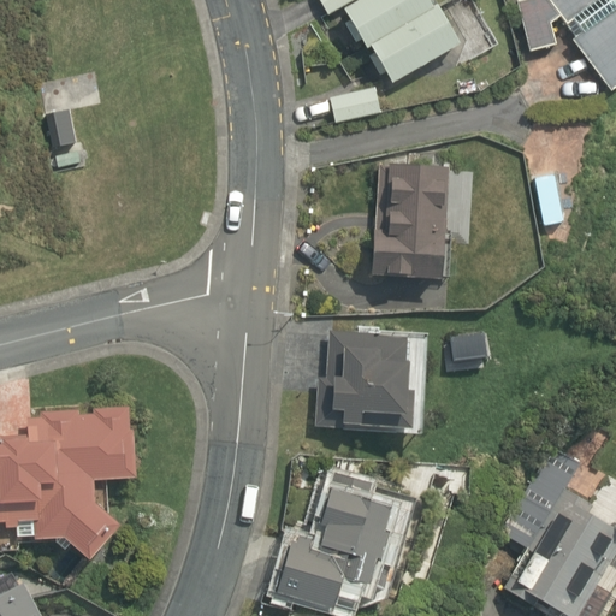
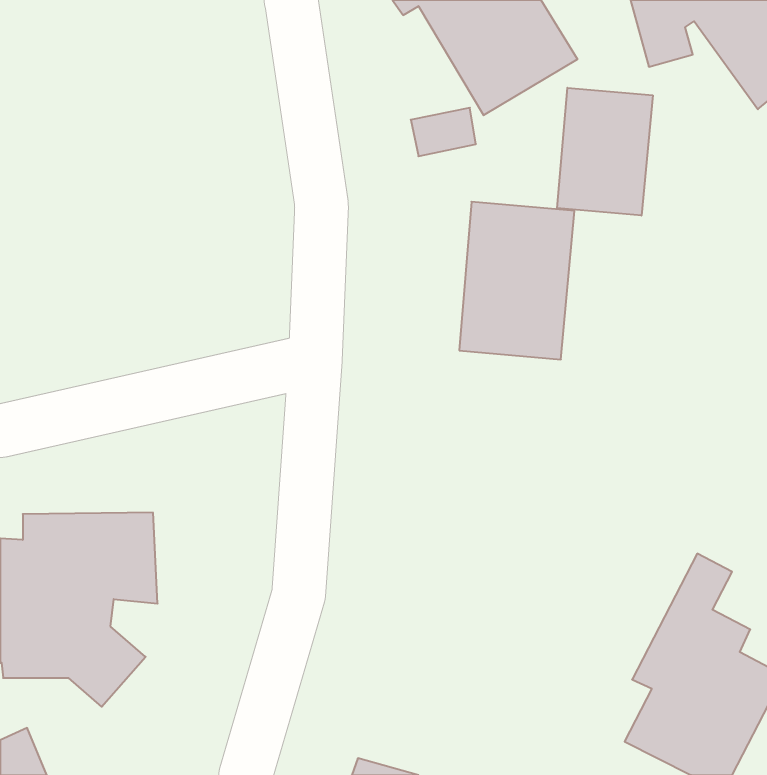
building: none -> [557,88,653,216]
building: [318,324,426,436] -> none
building: [272,473,397,600] -> none

